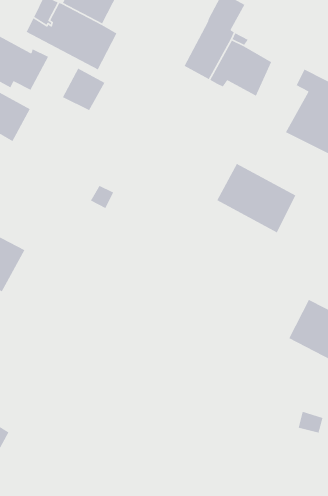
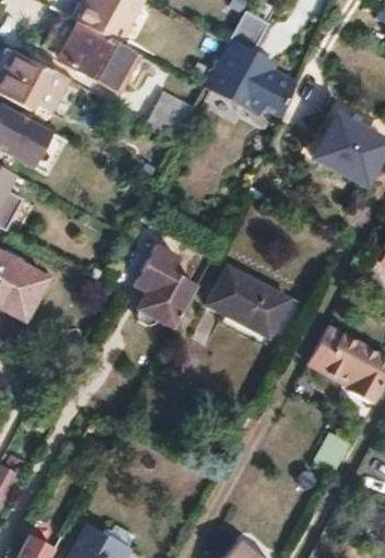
building: [62,68,106,111] -> [149,93,194,137]
building: [216,163,296,233] -> [204,266,286,338]
building: none -> [134,242,198,327]

